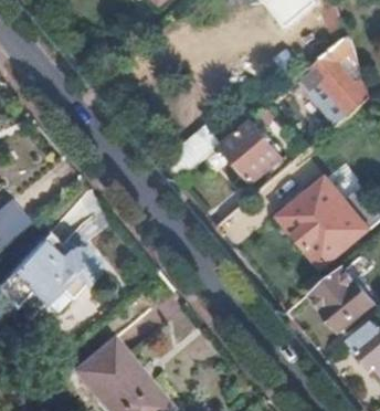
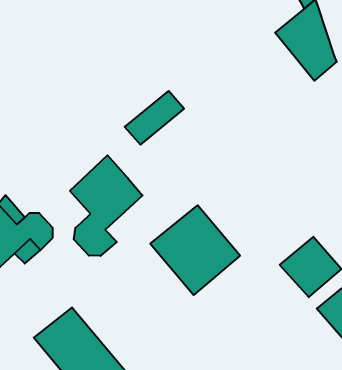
building: [223,126,279,182] -> none
building: [281,180,369,268] -> [150,205,240,295]
building: none -> [70,155,143,256]

